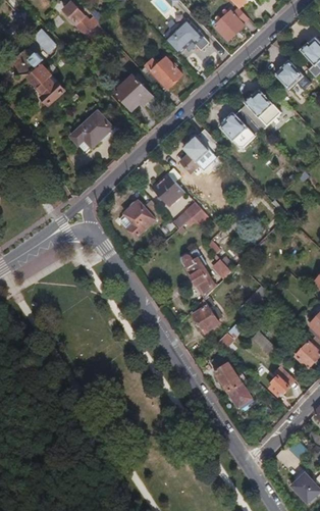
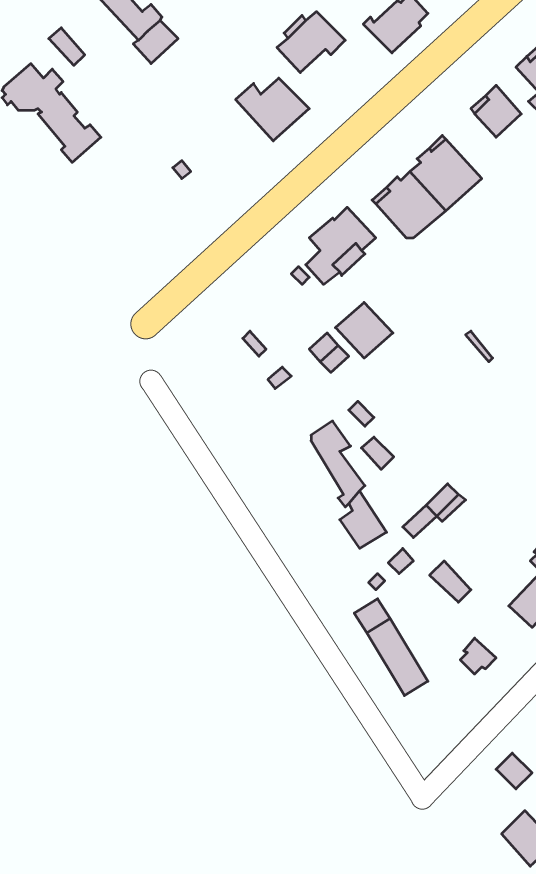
building: [114,74,150,109] -> none
building: [70,110,113,152] -> none
building: [151,174,183,206] -> [335,302,393,358]
building: [116,201,153,238] -> none

